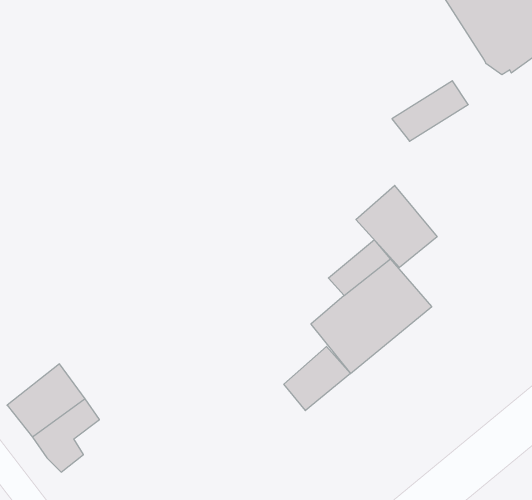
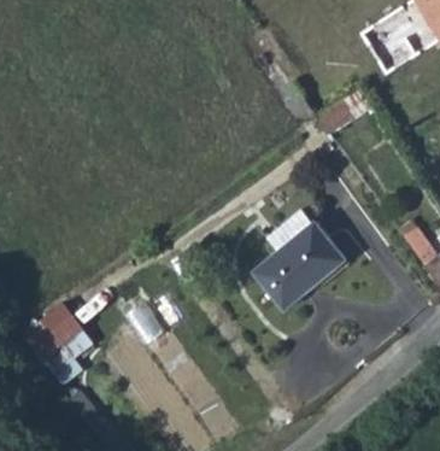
building: [356,185,437,267] -> none
building: [284,346,351,411] -> none

